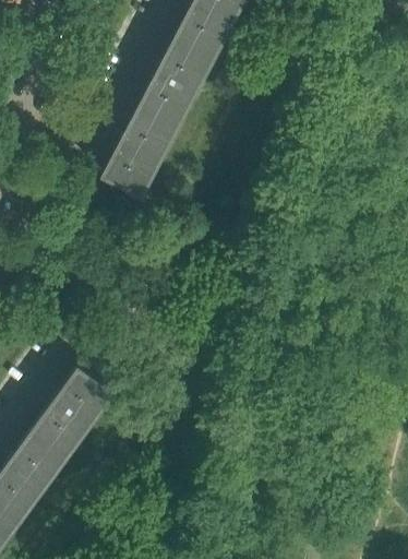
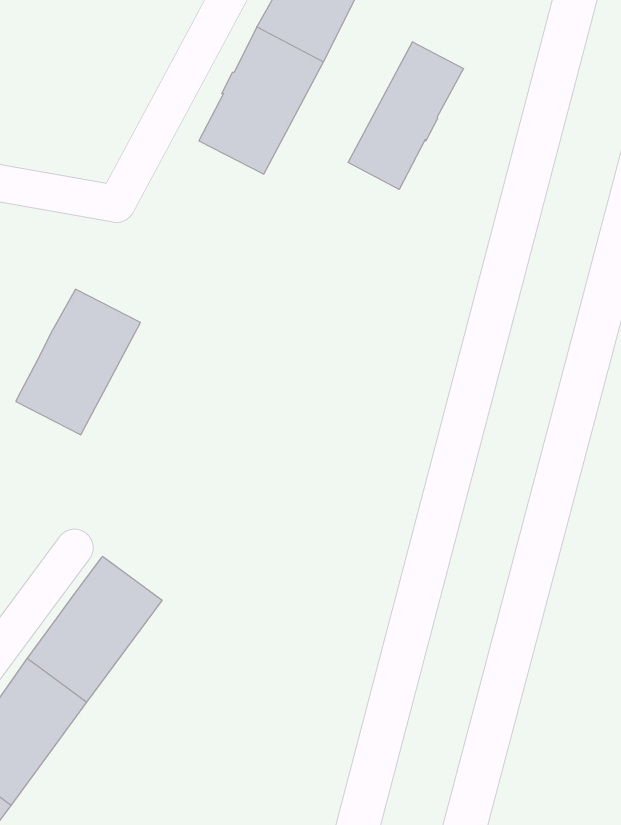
building: none -> [348,42,464,189]
building: [103,104,180,194] -> [16,289,140,435]

